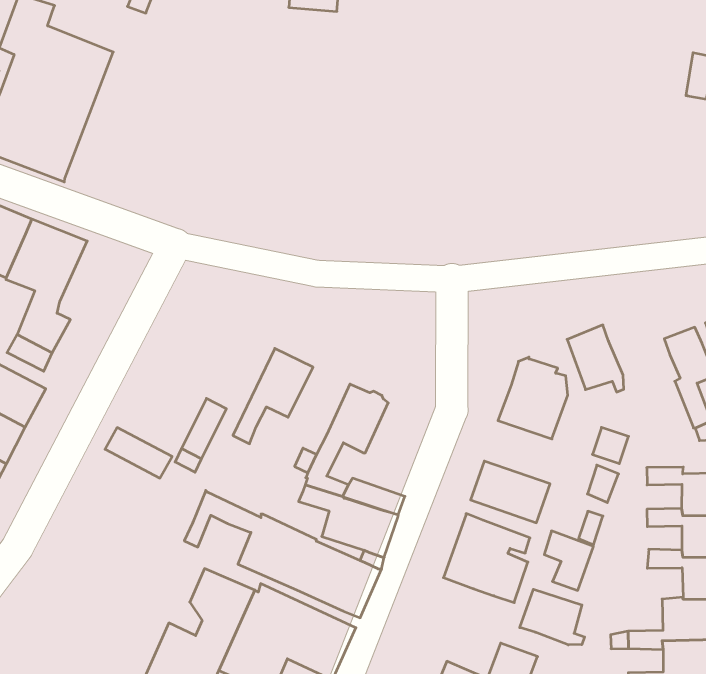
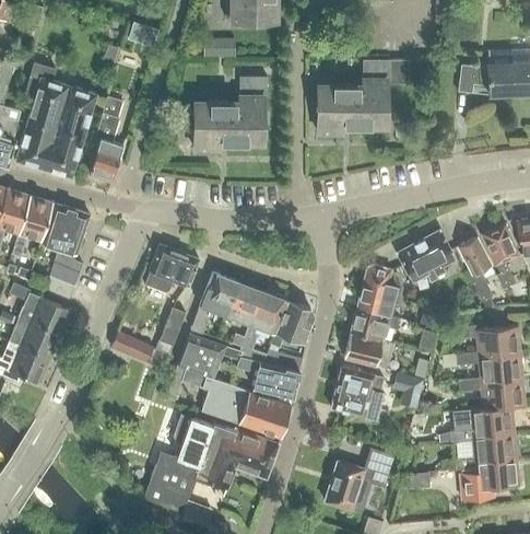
building: none -> [318,60,409,134]
building: none -> [195,77,268,151]
building: none -> [90,96,123,181]
building: none -> [146,244,199,293]
building: none -> [419,230,456,280]
building: none -> [225,281,262,324]
building: none -> [271,301,314,348]
building: none -> [351,306,400,343]
building: none -> [178,334,240,378]
building: [520,589,585,645] -> none

